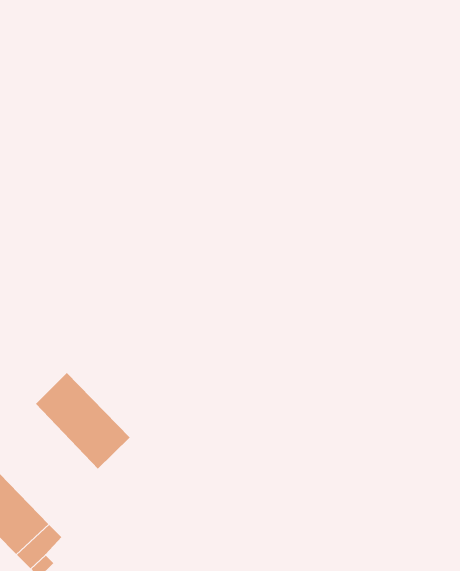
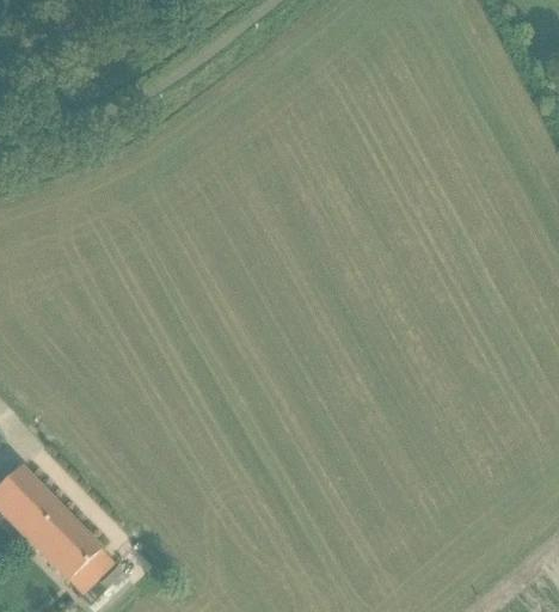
building: [35,372,130,470] -> none

